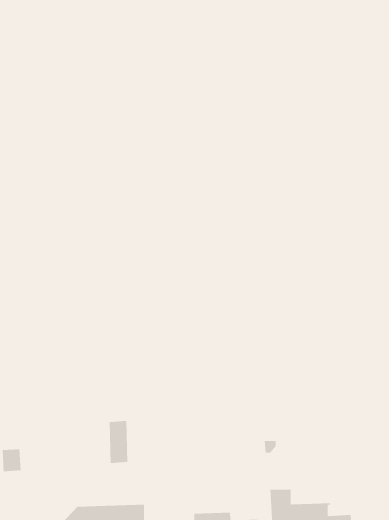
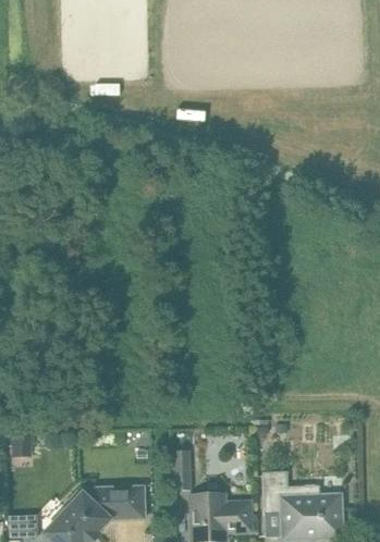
building: [109,421,128,463] -> [173,449,192,490]

